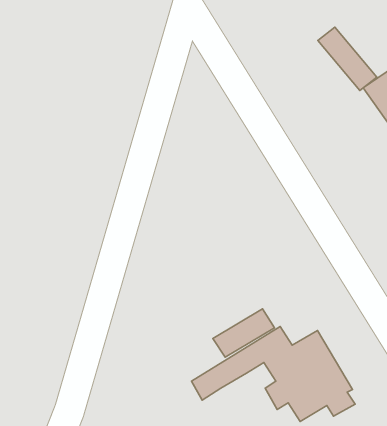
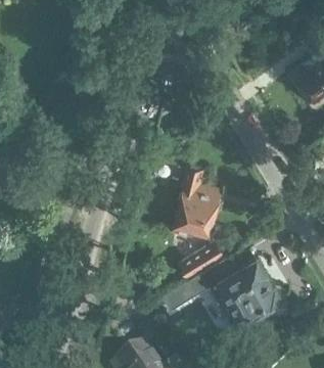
building: [318,27,377,90] -> none
building: none -> [172,167,220,237]

